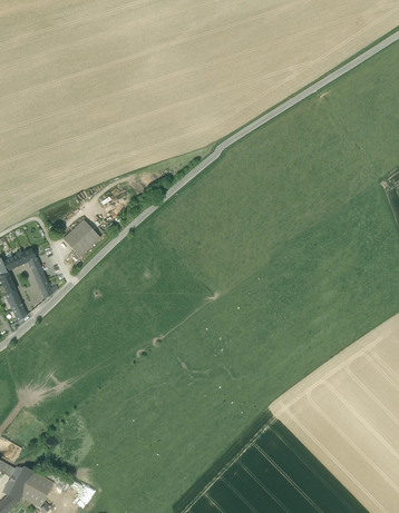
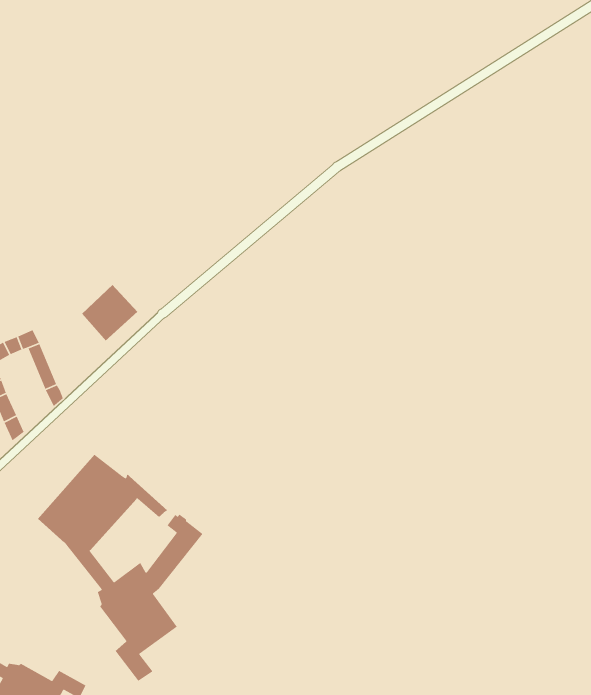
building: none -> [37,454,203,682]

